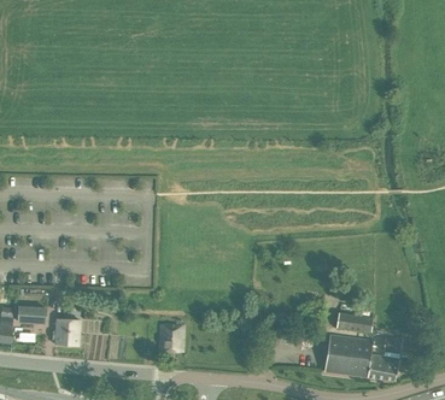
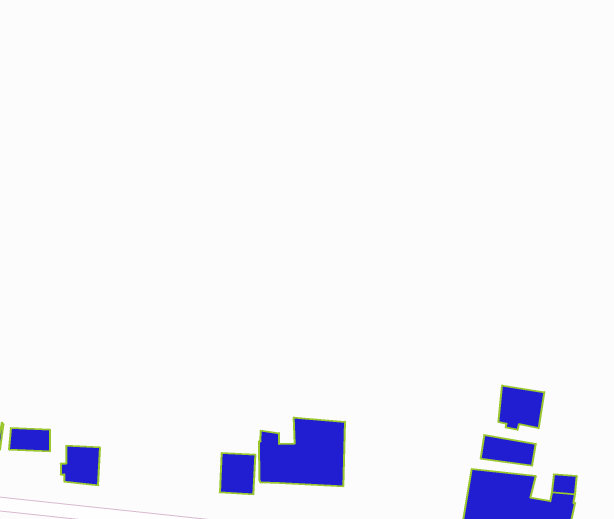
building: none -> [499,385,544,430]
building: none -> [259,417,345,486]

